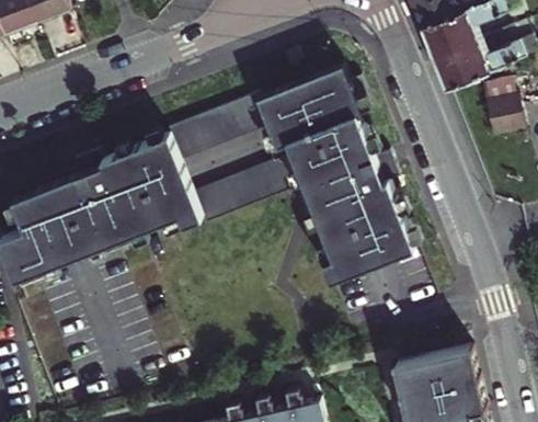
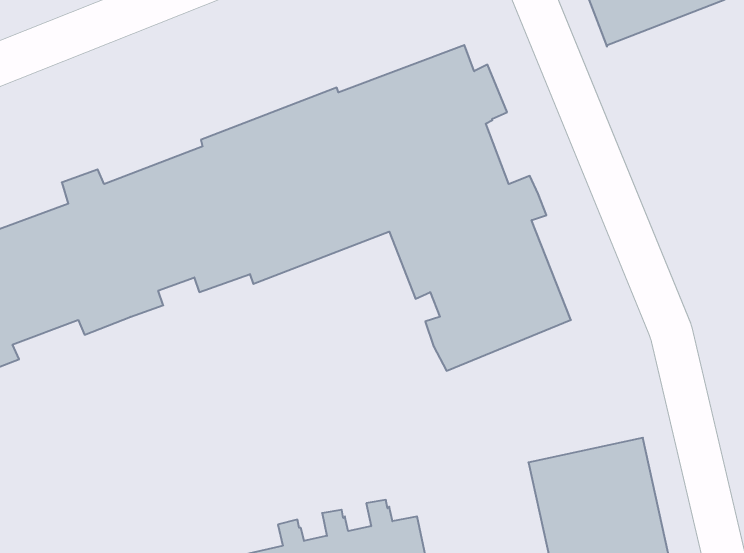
building: [480,65,523,125] -> none

